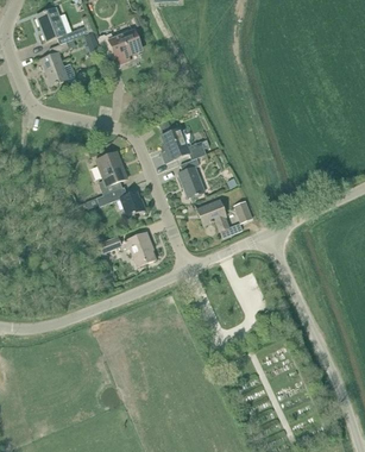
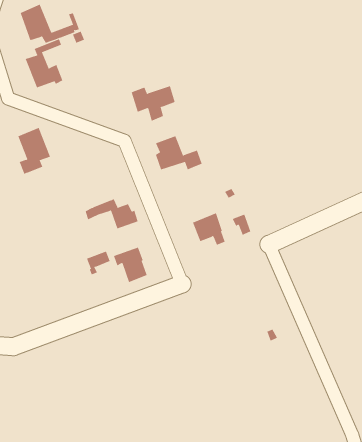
building: [97,30,139,63] -> [131,86,175,121]
building: [97,151,128,195] -> [17,127,51,175]
building: [178,158,204,197] -> none

